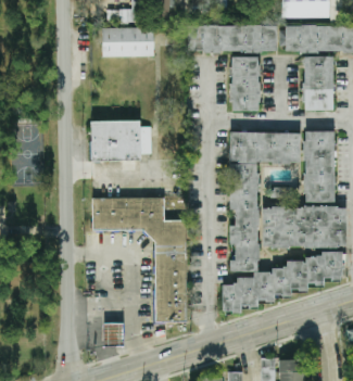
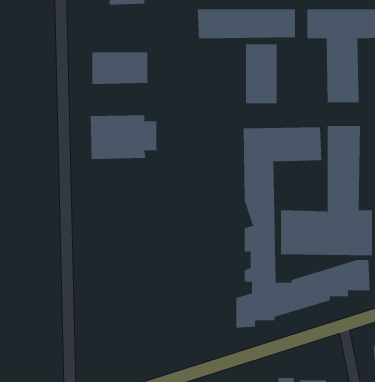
building: [102,27,153,56] -> [91,52,148,84]
building: [92,198,187,321] -> none
building: [102,322,124,345] -> none

